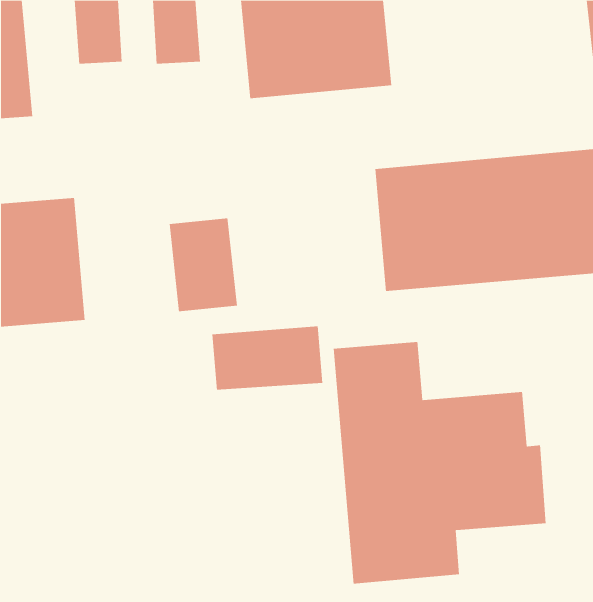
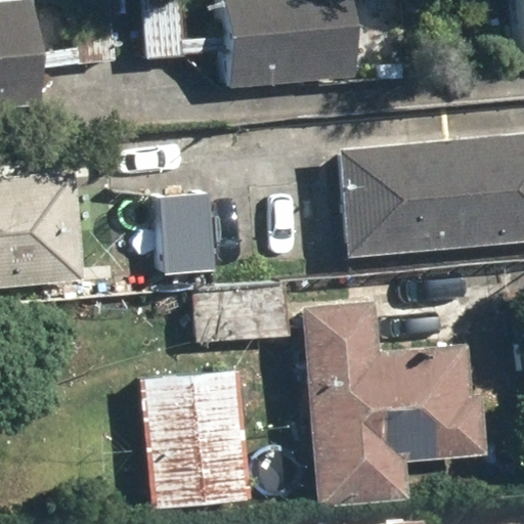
building: none -> [145,369,249,509]

